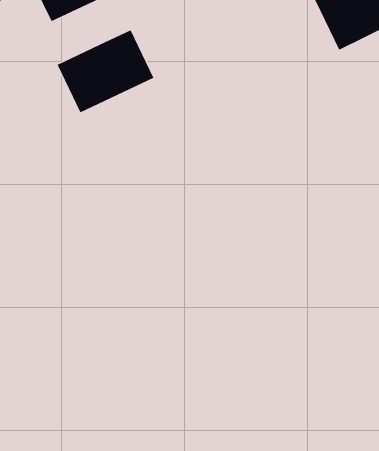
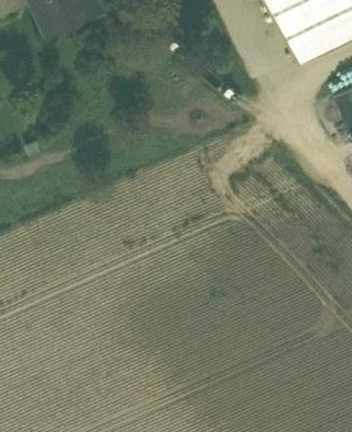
building: [57,30,154,113] -> none

